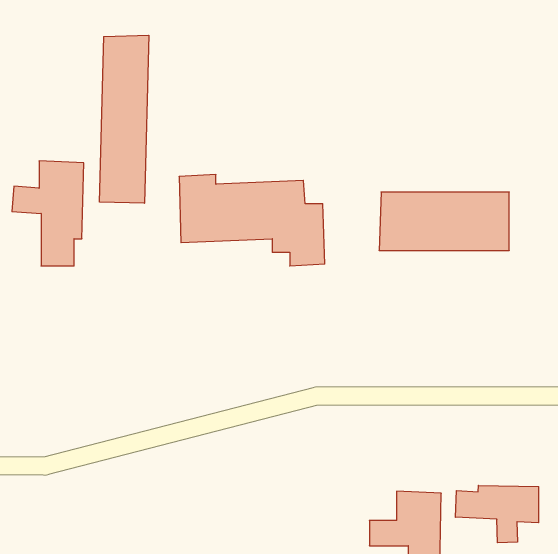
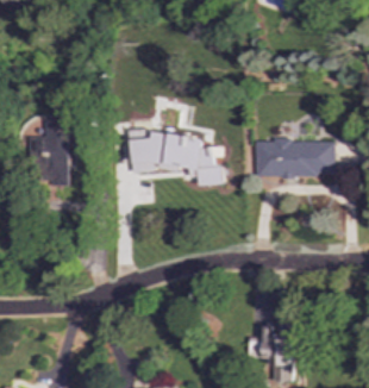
building: [100,35,149,203] -> none
building: [455,485,539,543] -> none

